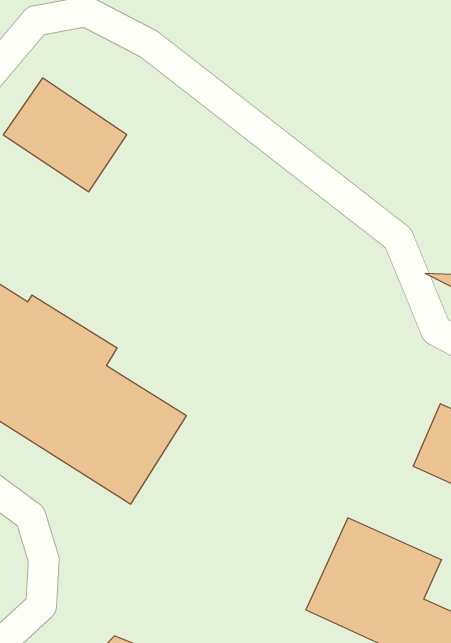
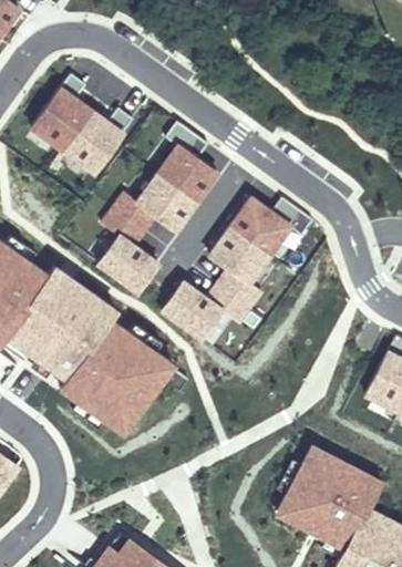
building: none -> [92,126,219,297]
building: none -> [157,195,293,343]

